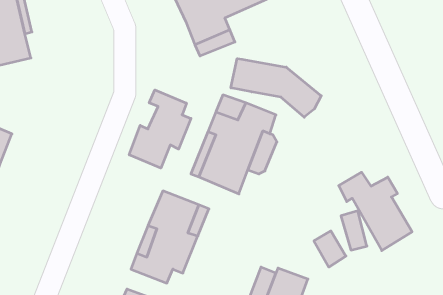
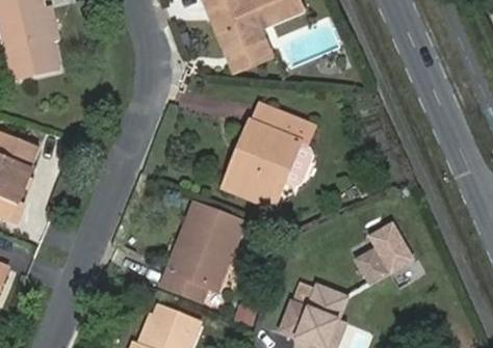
building: [231,59,321,117] -> none
building: [129,90,191,168] -> none
building: [339,172,412,251] -> none

